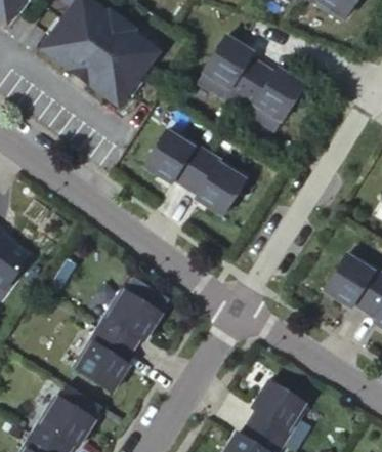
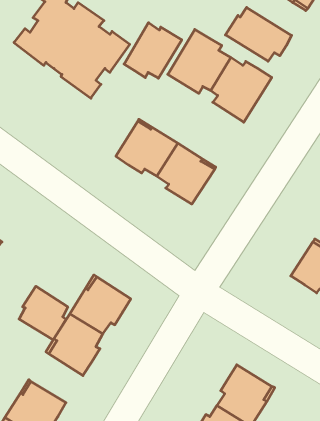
building: none -> [225,7,292,61]
building: none -> [124,23,182,78]
building: none -> [19,286,68,340]

